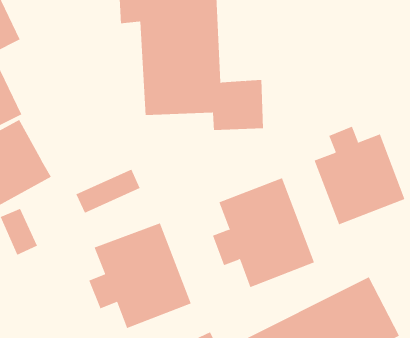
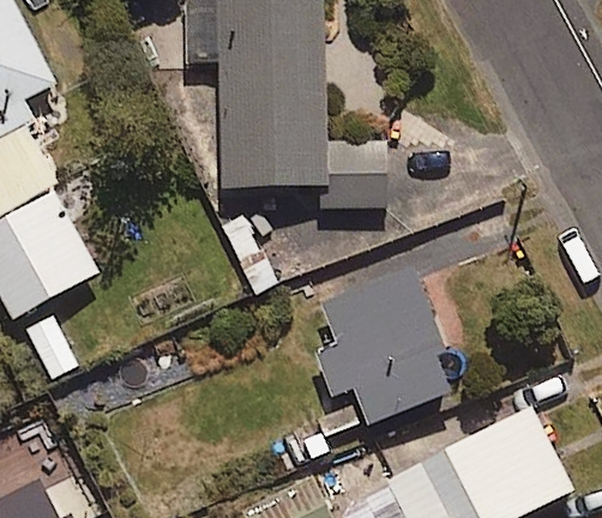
building: [314,126,405,225] -> none
building: [88,222,192,329] -> none

